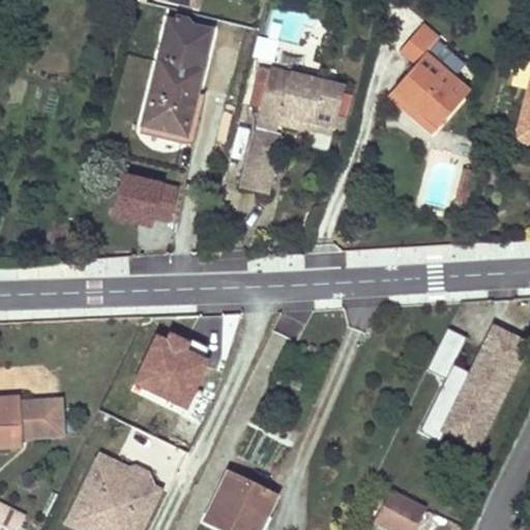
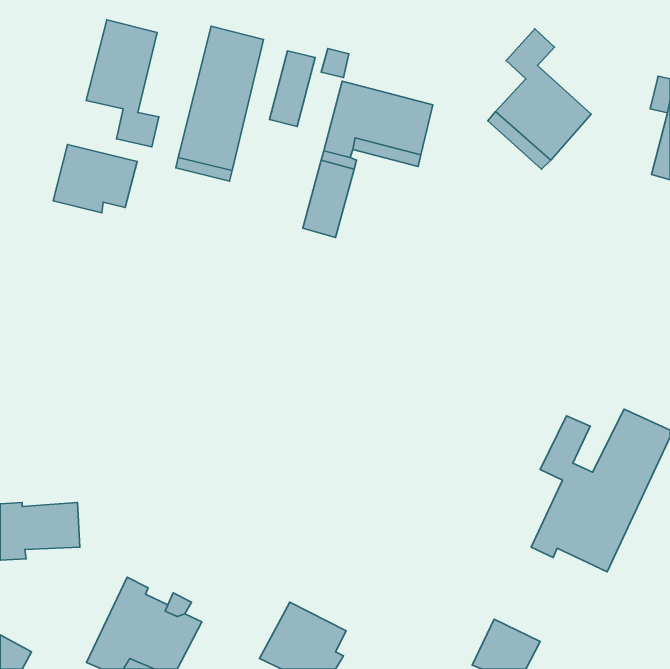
building: none -> [86,20,159,147]
building: none -> [269,51,315,127]
building: [114,172,180,226] -> [53,145,137,213]
building: [135,330,212,411] -> none

